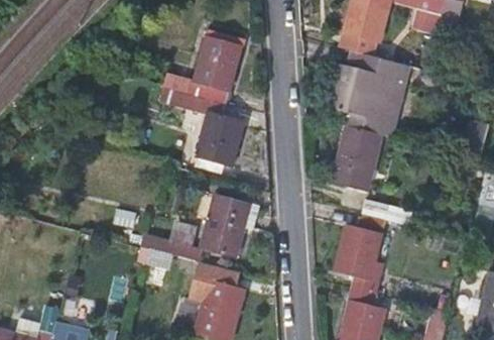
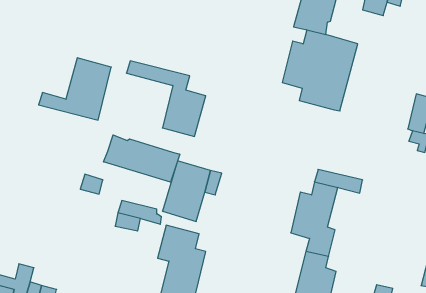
building: [164,34,242,101] -> [39,58,111,120]
building: [332,127,382,191] -> none
building: none -> [104,135,180,182]

